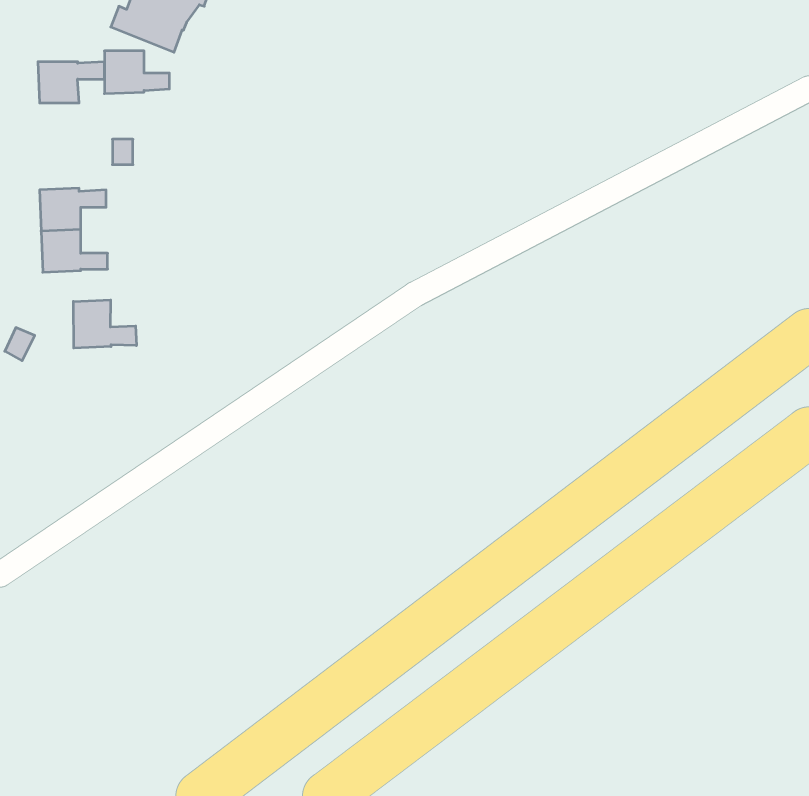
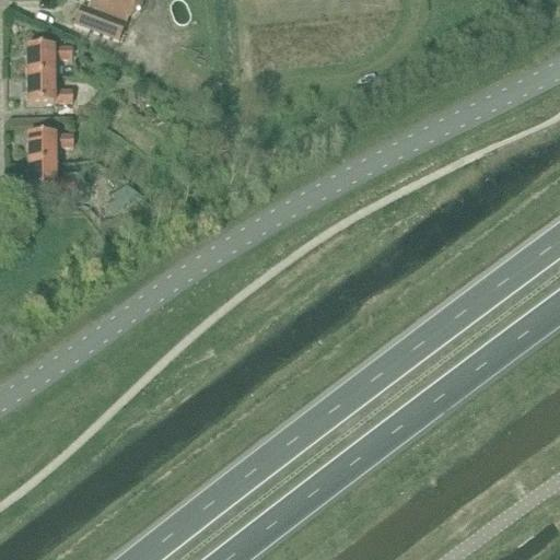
building: [104,51,169,94] -> [27,71,72,101]
building: [73,300,136,348] -> none

